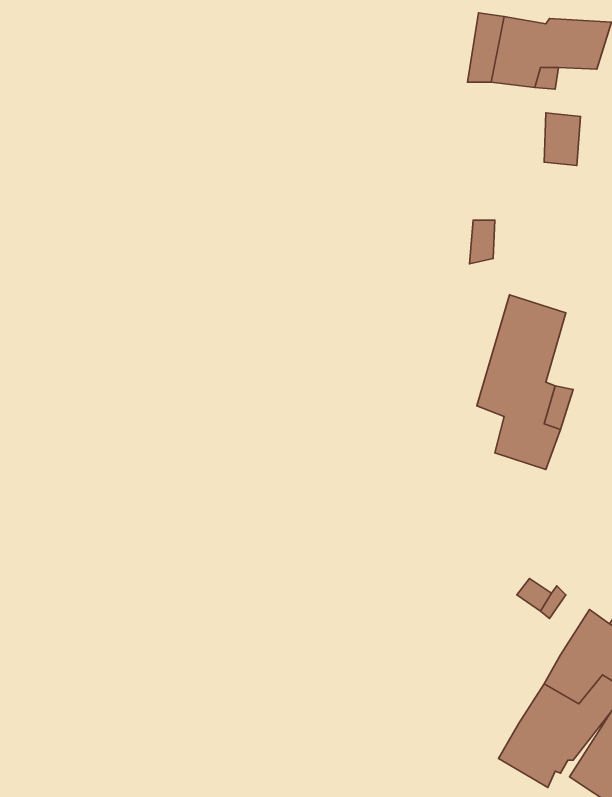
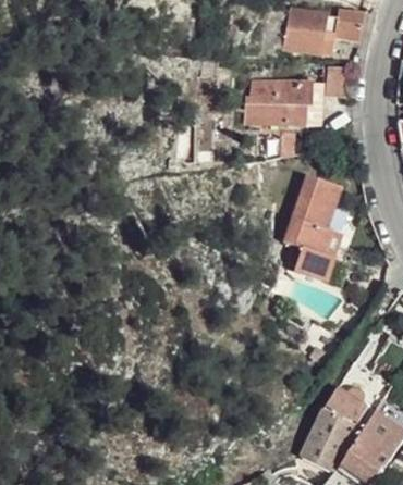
building: none -> [244,78,320,123]

